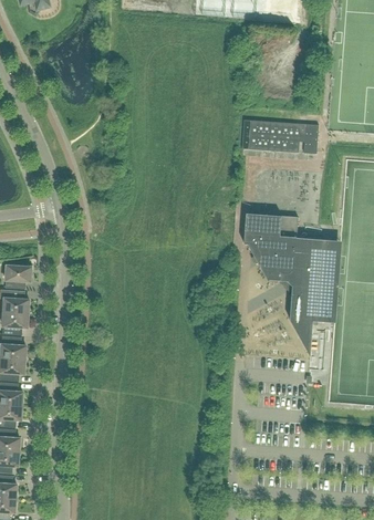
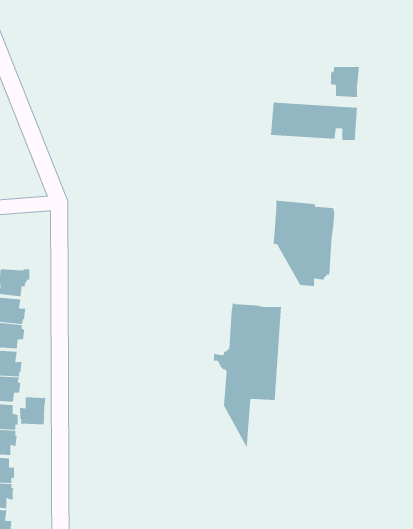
building: none -> [331,66,360,98]
building: [281,230,341,356] -> [213,303,282,448]
building: none -> [19,396,46,425]

